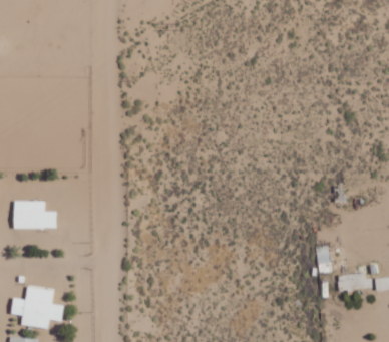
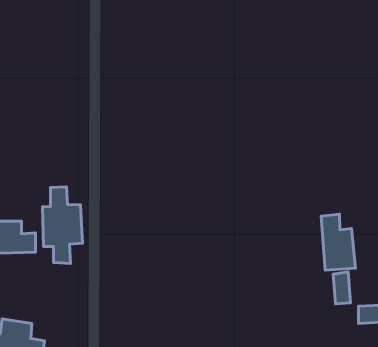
building: none -> [43,187,82,263]
building: none -> [321,214,355,270]

